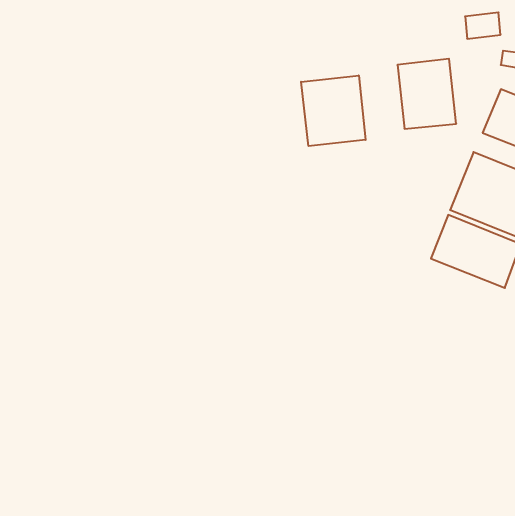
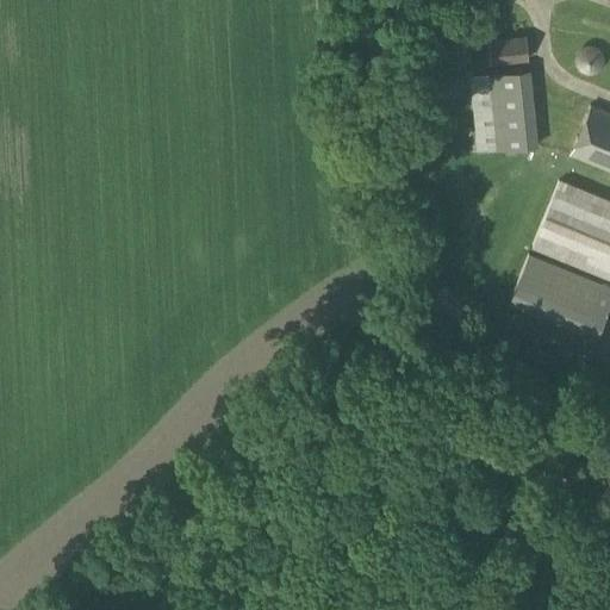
building: [465,12,501,39] -> [488,37,530,68]
building: [301,75,366,146] -> none

